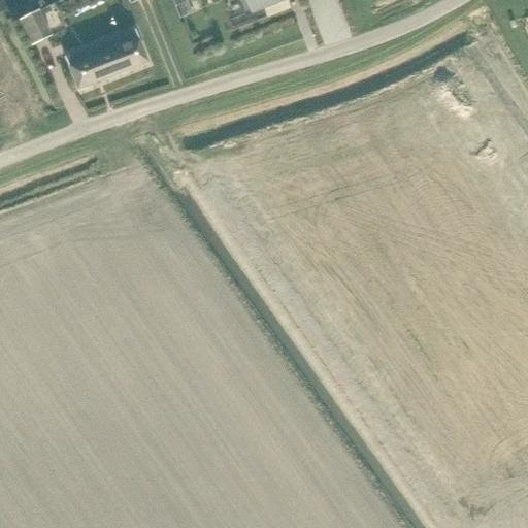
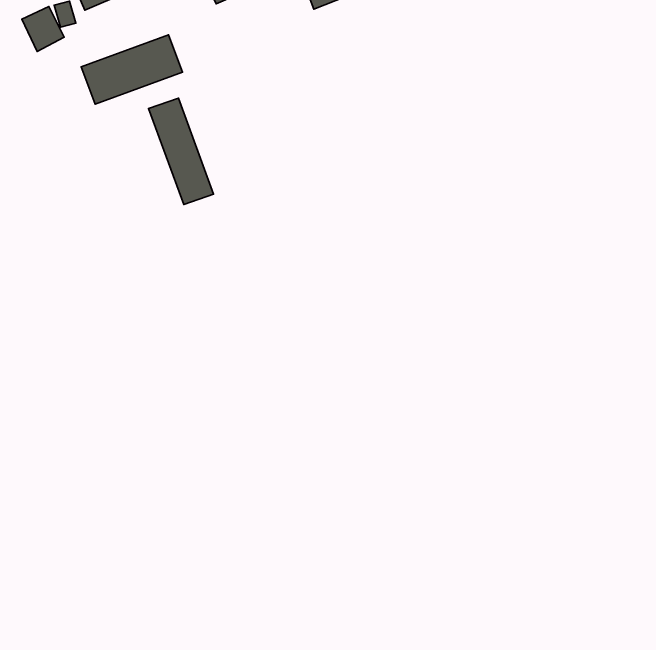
building: none -> [149,98,214,205]

